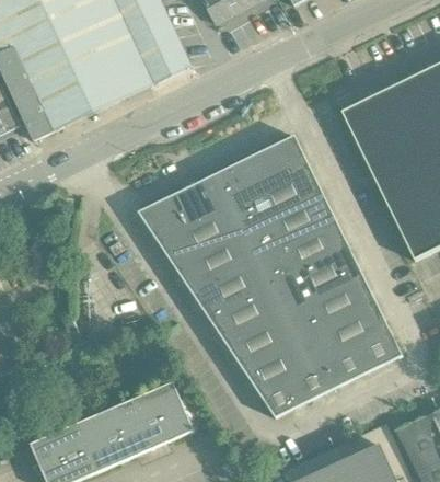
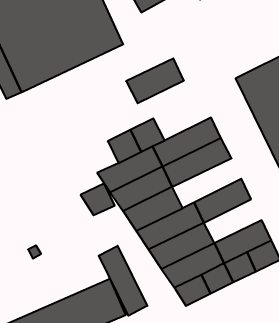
building: [231,135,309,195] -> [126,58,184,103]
building: [138,196,184,239] -> [81,183,115,215]
building: [256,219,349,286] -> none
building: [299,274,377,333] -> none
building: none -> [99,246,147,316]

